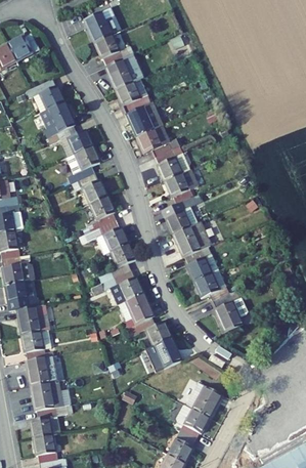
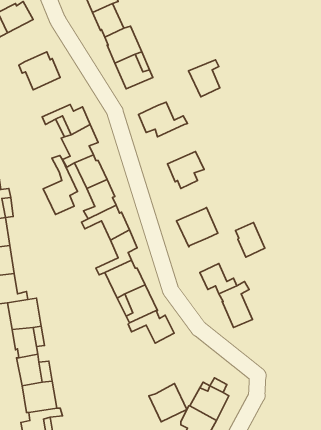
building: [40,103,76,140] -> none
building: [126,103,155,137] -> [189,60,220,97]
building: [155,146,189,182] -> none
building: none -> [43,156,77,215]
building: [165,198,198,235] -> none
building: [184,250,211,282] -> [236,223,265,257]
building: [146,337,181,372] -> [149,384,187,422]

